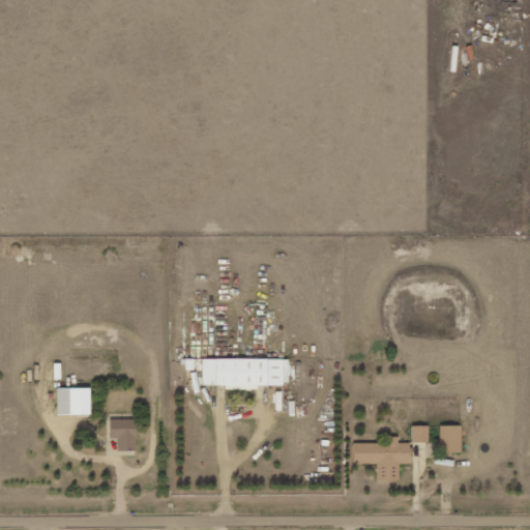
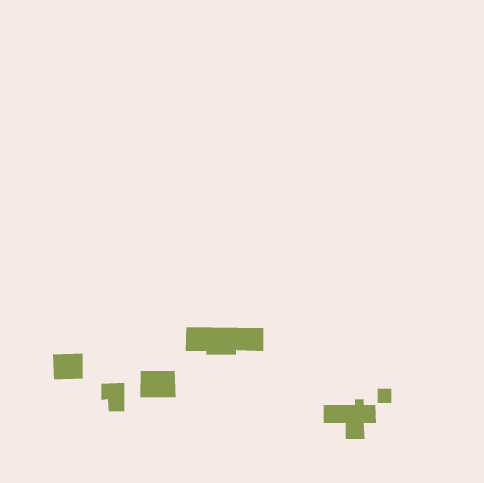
building: none -> [140,370,176,398]
building: [440,424,462,451] -> none

